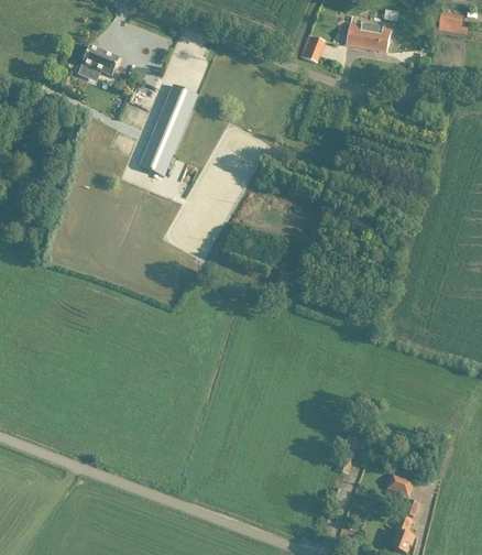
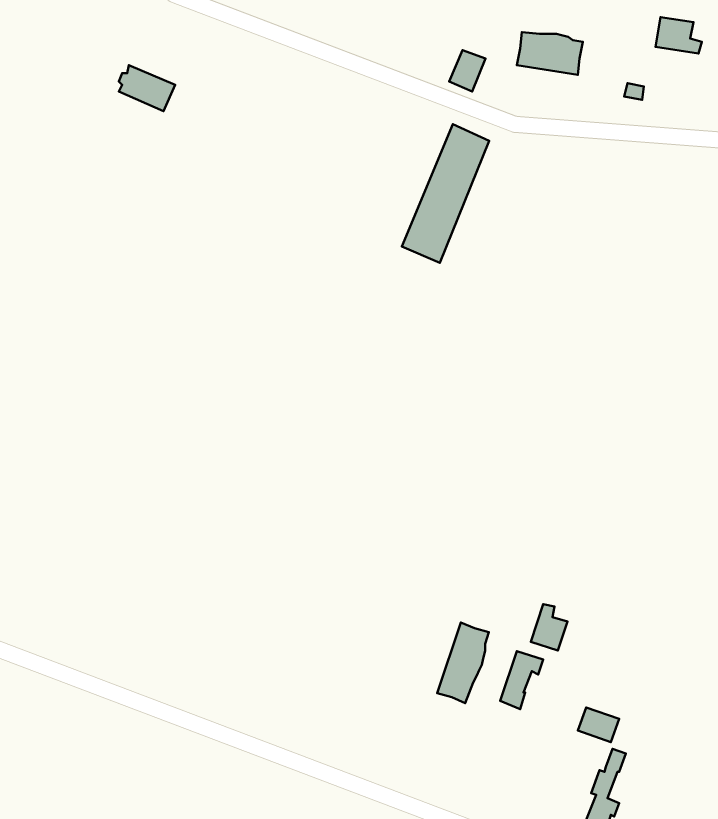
building: [140,85,198,177] -> [402,124,489,263]
building: none -> [531,604,568,651]
building: none -> [437,622,489,703]

